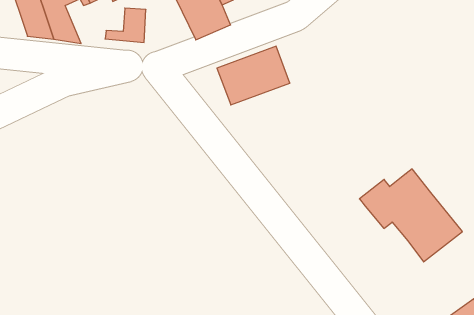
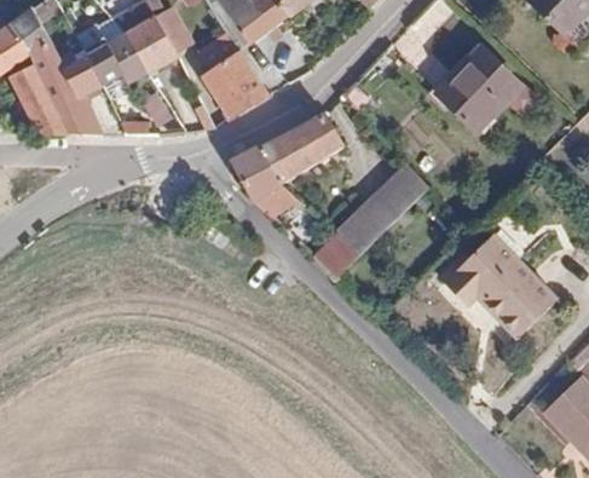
building: none -> [438,46,522,132]
building: none -> [233,144,279,197]
building: none -> [313,157,434,273]

